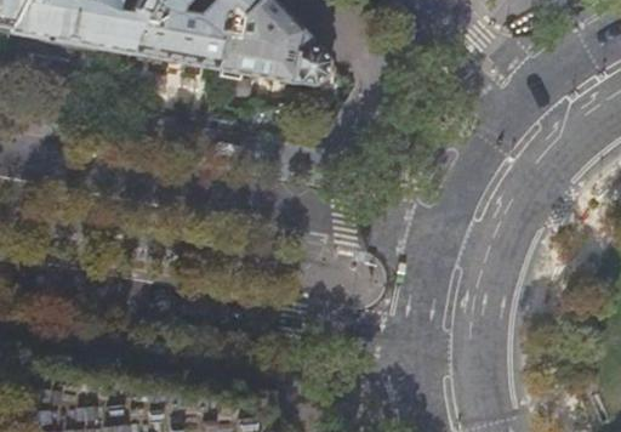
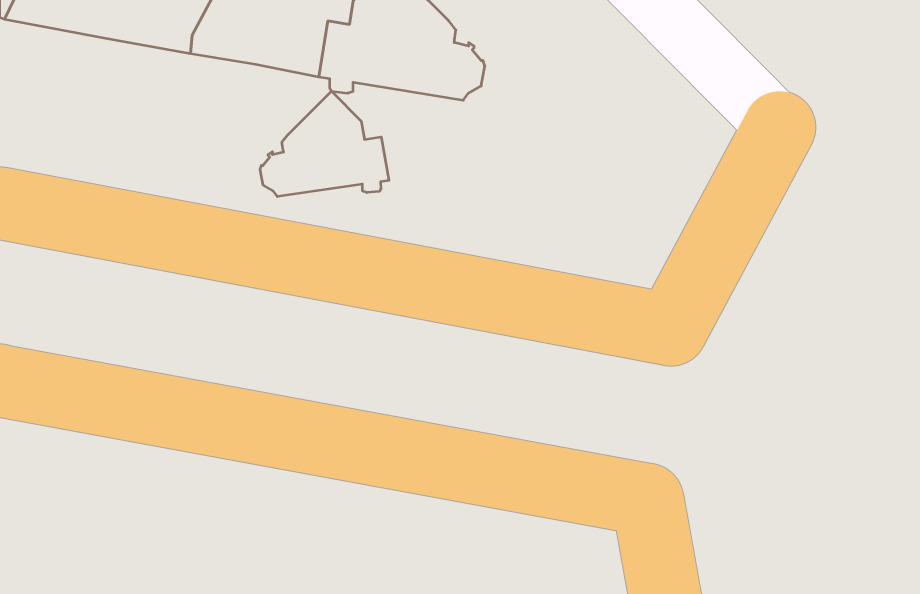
building: none -> [260,91,389,197]

